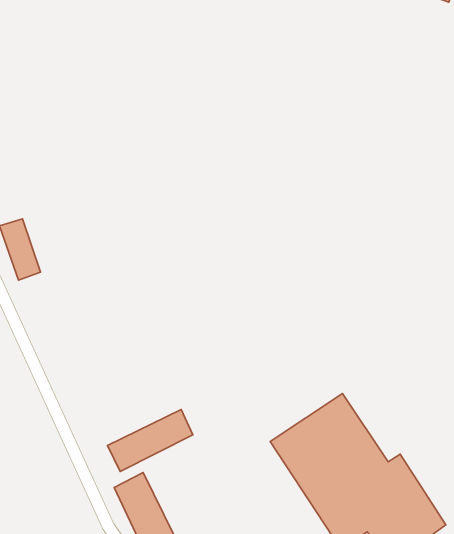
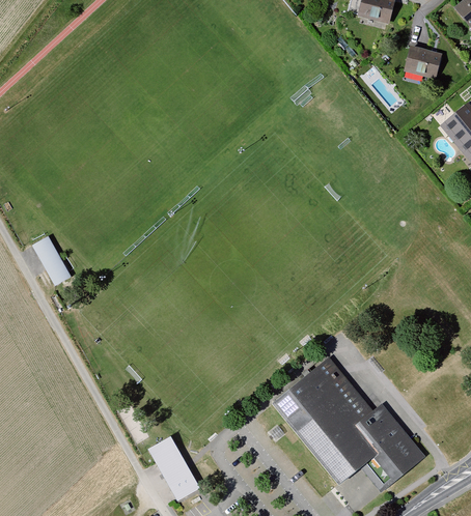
building: [108,409,193,472] -> none

